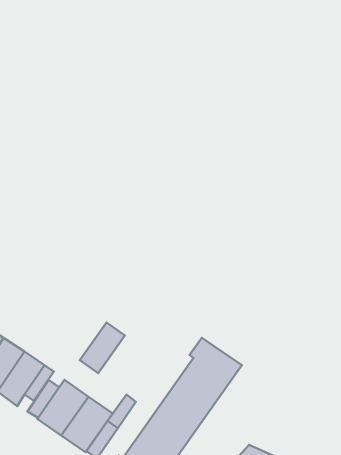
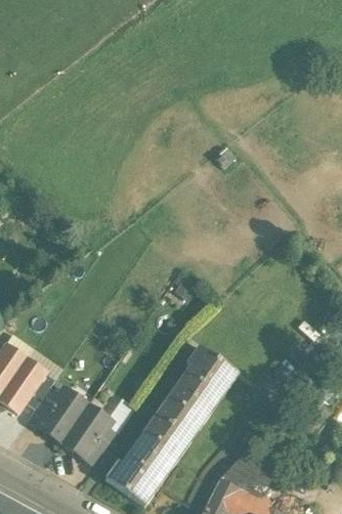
building: [80,323,125,373] -> none

